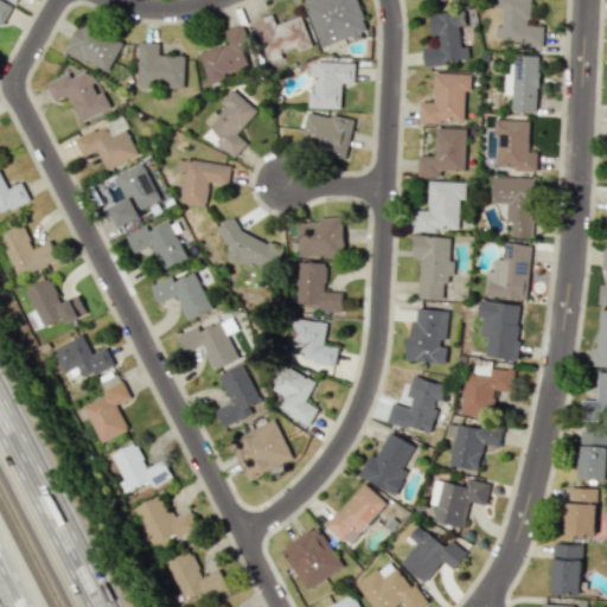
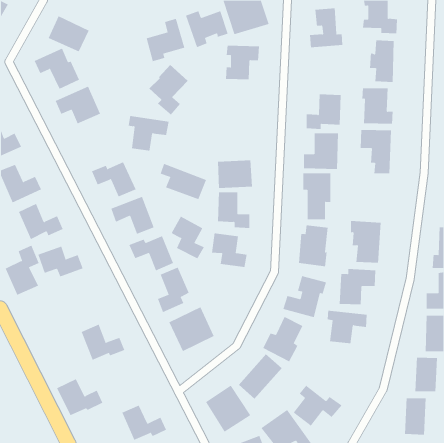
building: [138,43,184,89] -> none
building: [420,74,471,123] -> none
building: [300,111,354,156] -> none
building: [110,165,159,229] -> none
building: [485,244,530,300] -> none
building: [271,366,318,426] -> [171,216,205,259]
building: [82,375,129,443] -> [5,245,40,295]
building: [429,479,491,529] -> none
building: [132,496,196,547] -> [56,378,103,416]

